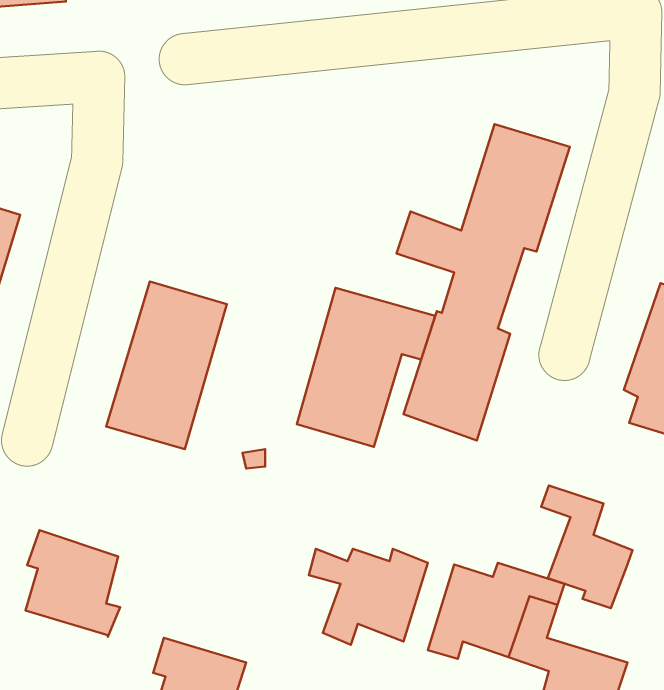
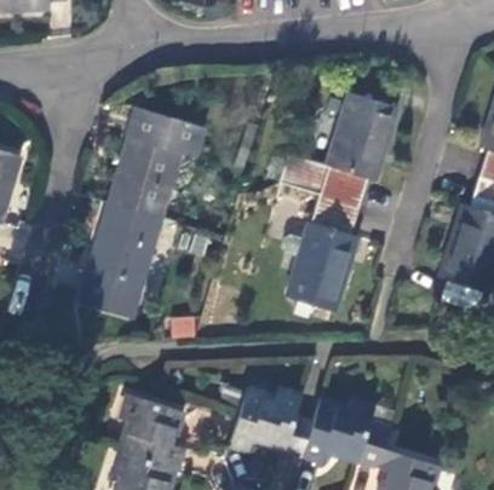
building: [297,288,435,447] -> [109,108,205,218]
building: [541,486,633,608] -> none
building: [26,530,120,637] -> [119,393,184,467]

